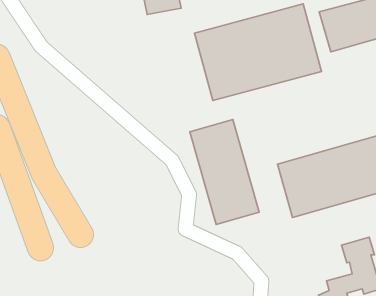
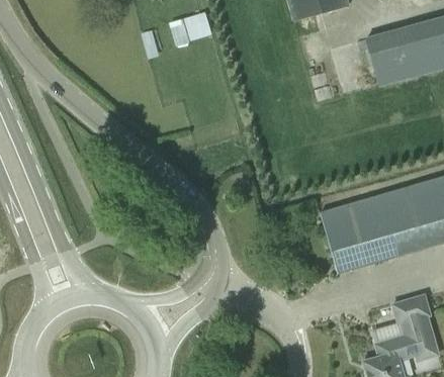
building: [195,4,321,100] -> none
building: [190,119,259,225] -> none

